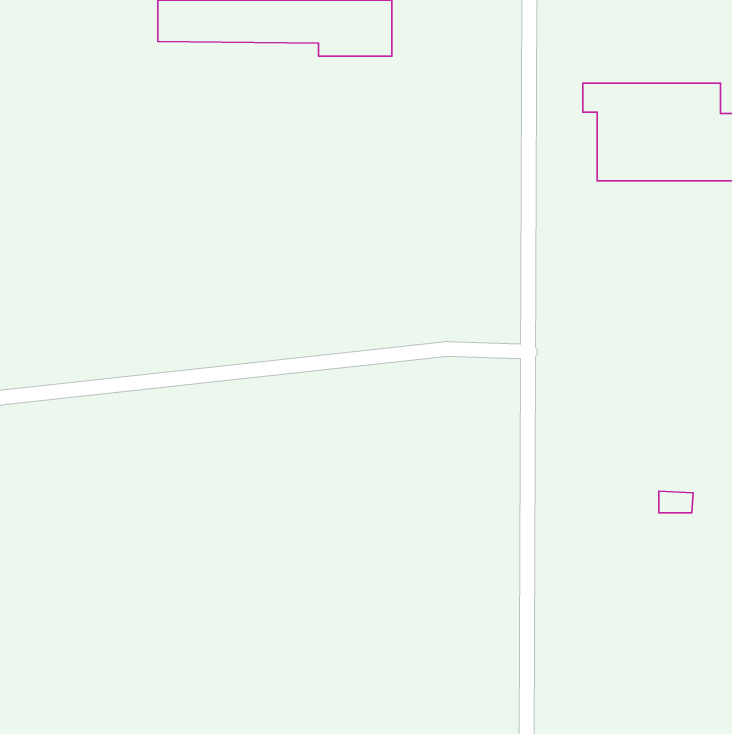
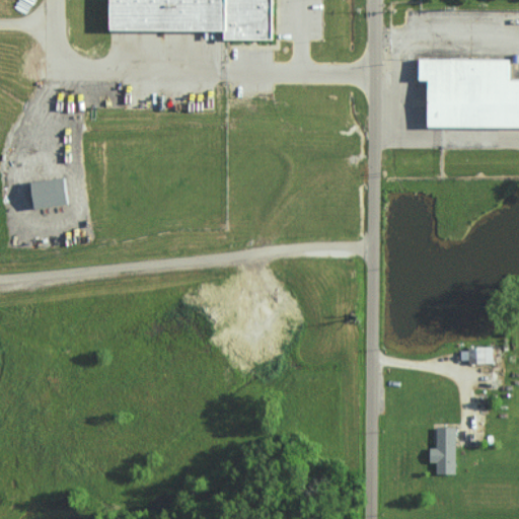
building: none -> [33,177,74,209]
building: none -> [427,427,453,474]

